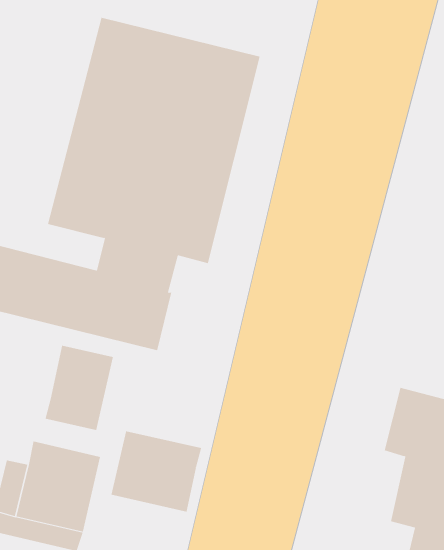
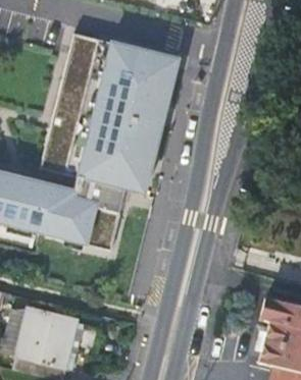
building: [45,345,114,431] -> none
building: [111,430,202,512] -> none

